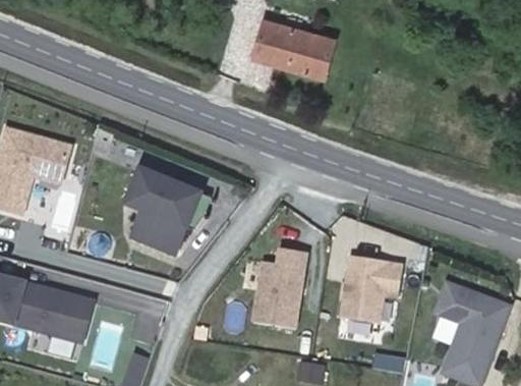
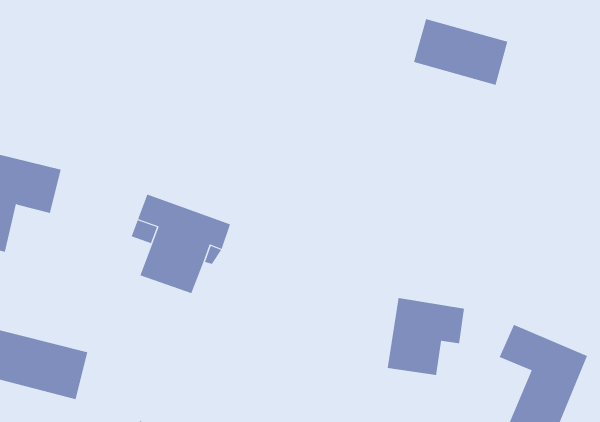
building: [260,37,340,93] -> [413,18,508,85]
building: [251,256,305,335] -> none

